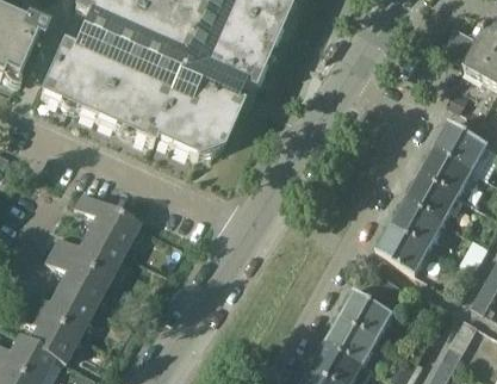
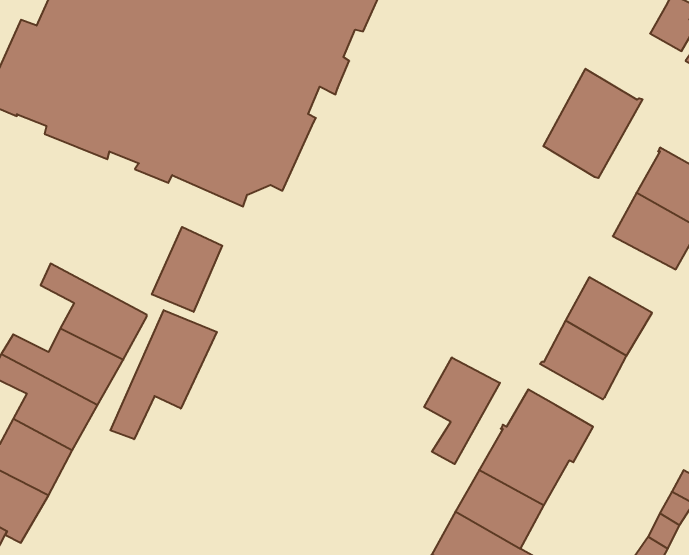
building: none -> [543,69,643,178]
building: none -> [152,227,222,312]
building: [408,173,460,219] -> none
building: none -> [110,310,217,439]
building: none -> [424,357,500,464]

